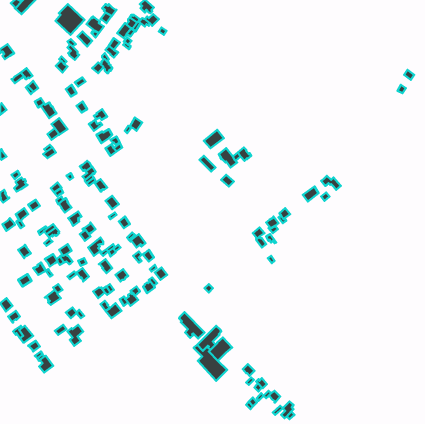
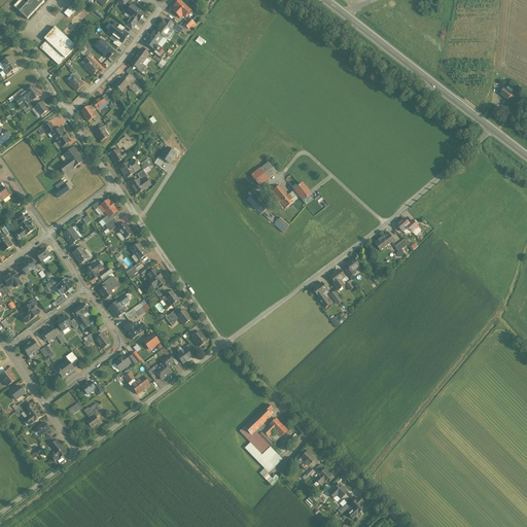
building: [55,4,85,35] -> [40,26,76,64]
building: [179,312,205,339] -> none

